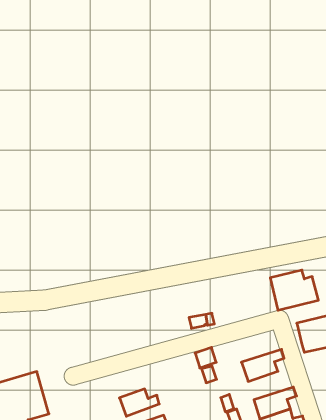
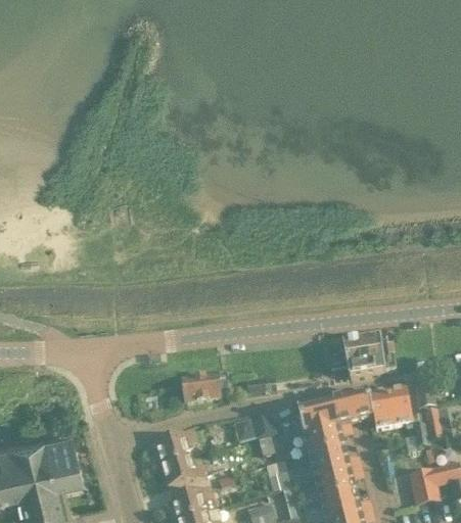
building: none -> [180,373,227,406]
building: none -> [297,395,373,436]
building: none -> [154,434,196,467]
building: none -> [309,449,360,480]

